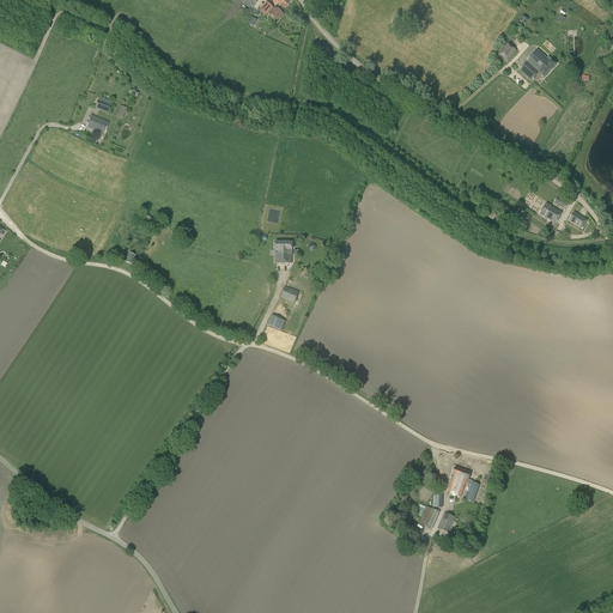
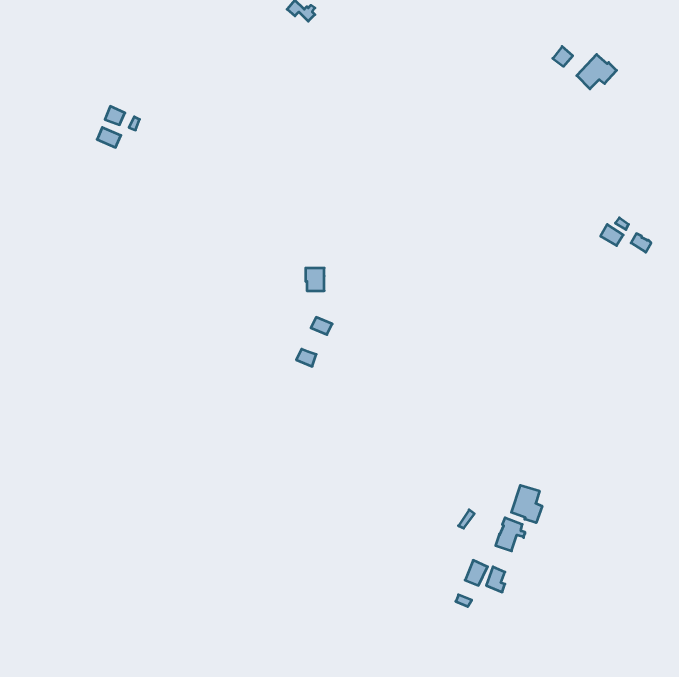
building: none -> [511,485,542,523]

